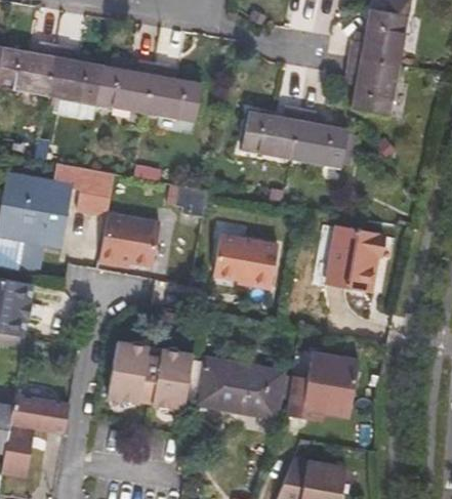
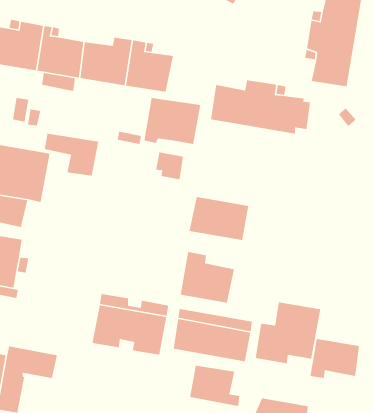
building: [100,212,164,264] -> [143,97,201,145]
building: [328,224,388,289] -> none
building: none -> [180,251,235,303]
building: none -> [309,338,360,379]
building: none -> [189,365,240,407]

